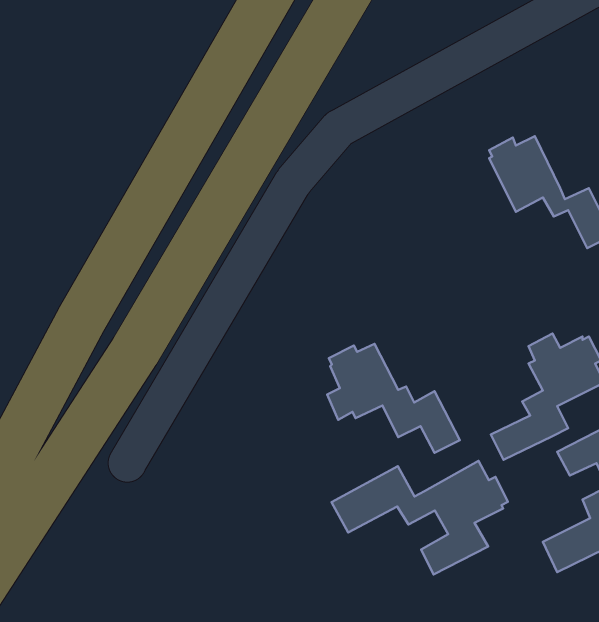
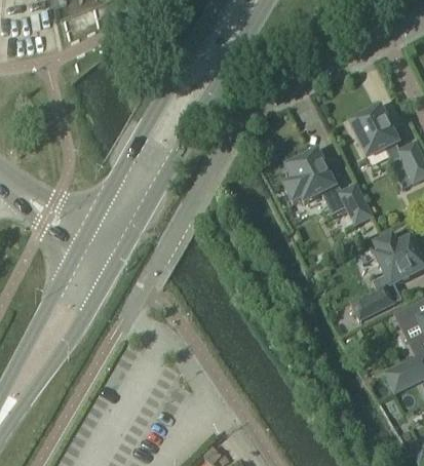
building: [327,344,460,453] -> [285,153,372,224]
building: [331,461,508,575] -> none

